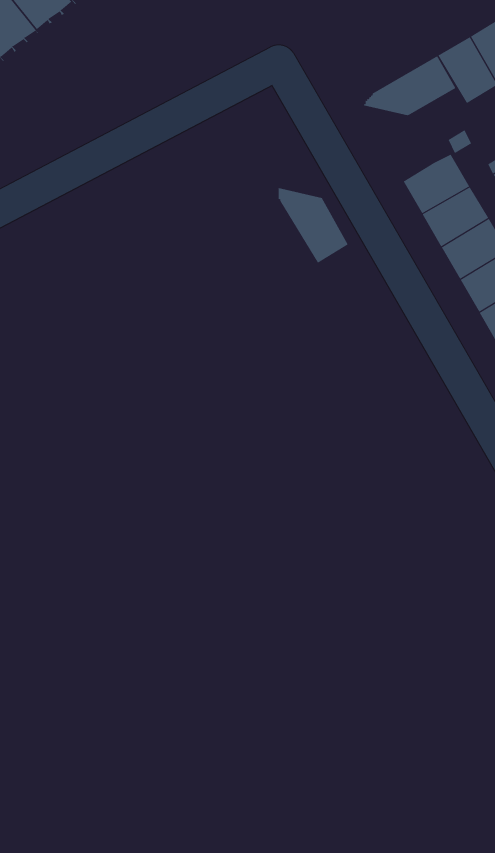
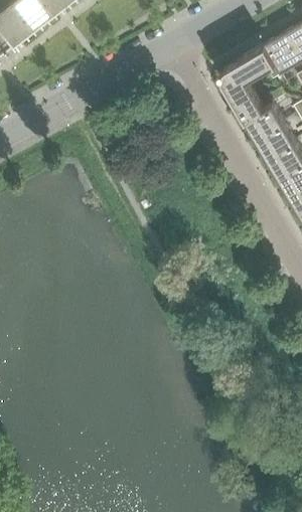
building: [278,187,348,263] -> [221,73,263,118]

